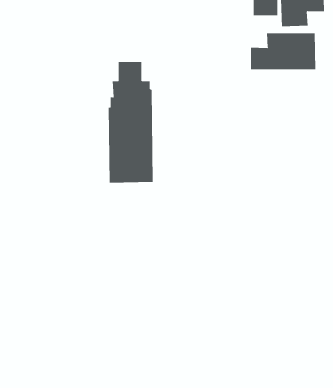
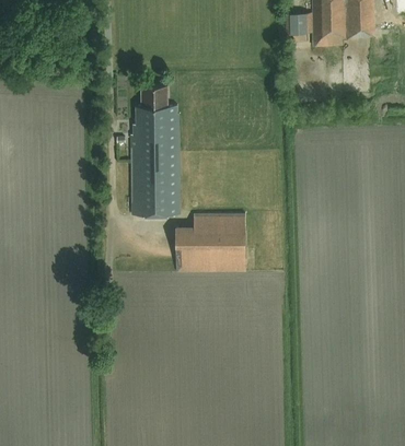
building: [251,32,316,70] -> none
building: none -> [175,213,246,271]

